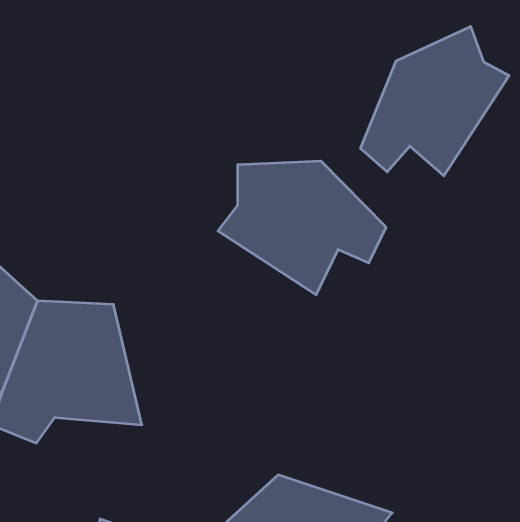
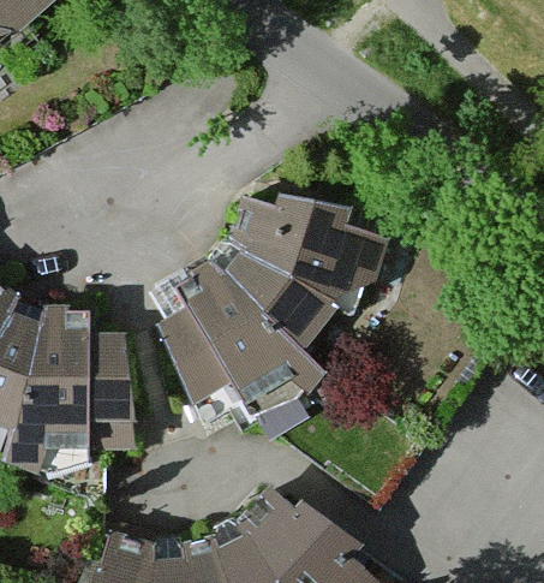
building: [361,26,509,176] -> none
building: none -> [163,262,315,393]

